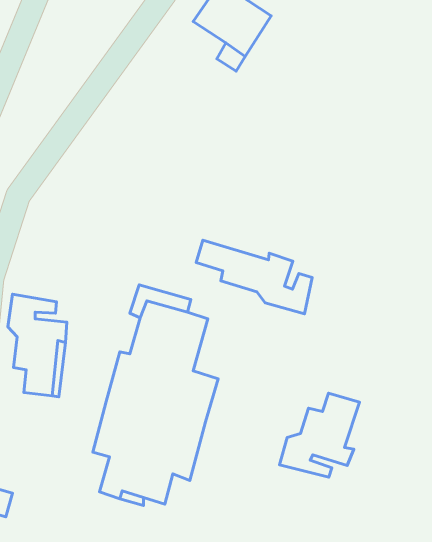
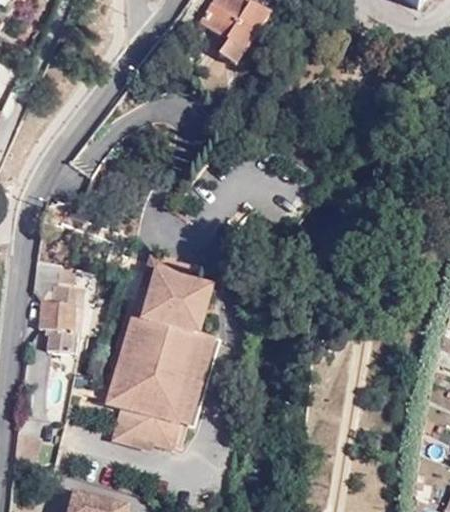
building: [196,240,312,314] -> none
building: [279,393,360,477] -> none

